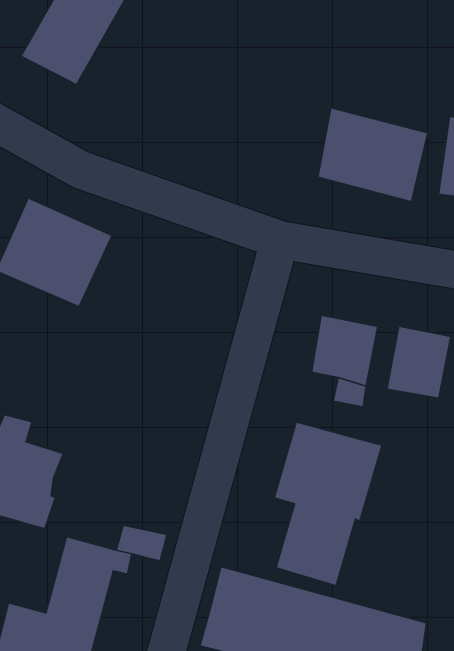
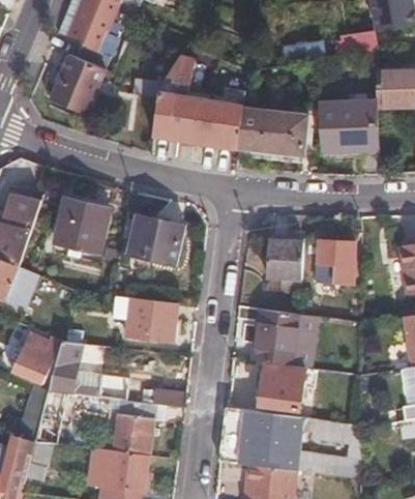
building: none -> [154,55,249,154]
building: none -> [135,213,194,266]
building: none -> [130,298,182,341]

